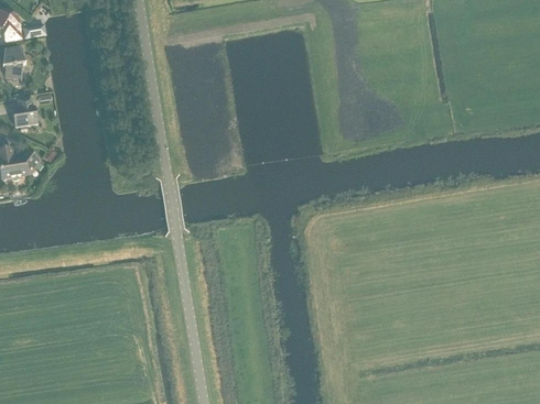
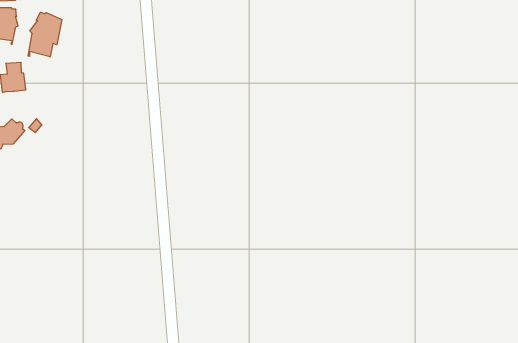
building: none -> [28,12,62,57]

